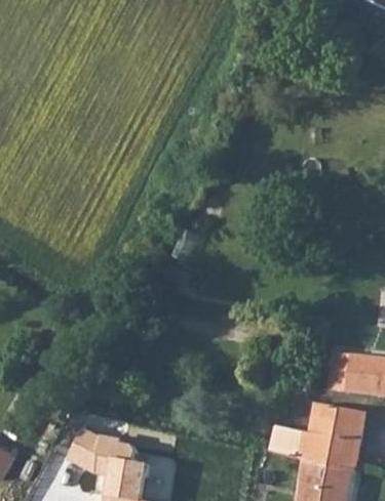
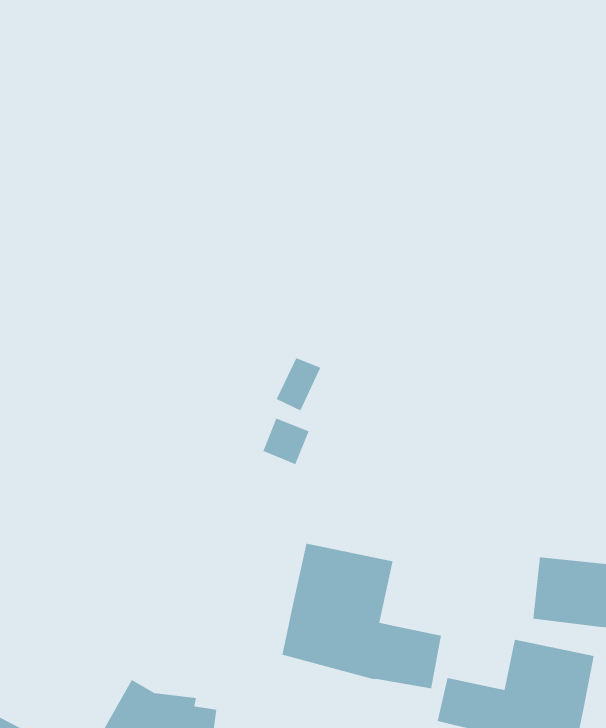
building: none -> [282,543,441,689]

